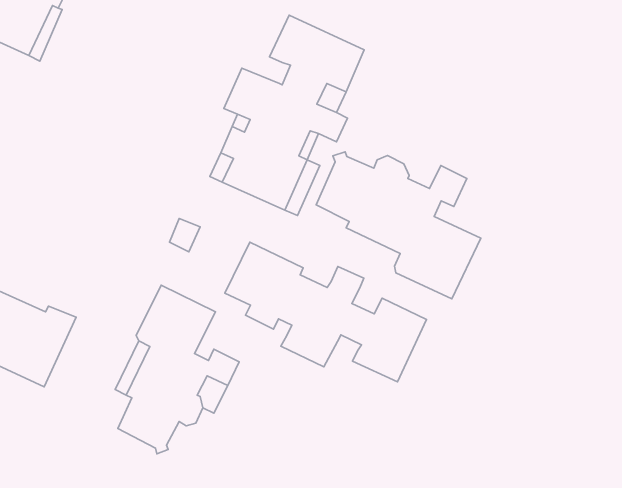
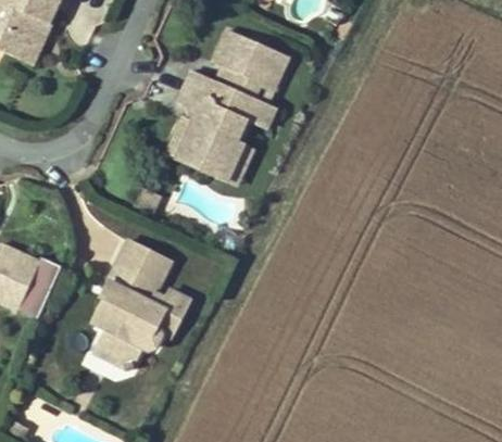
building: [316,152,481,299] -> none
building: [225,242,426,382] -> none

